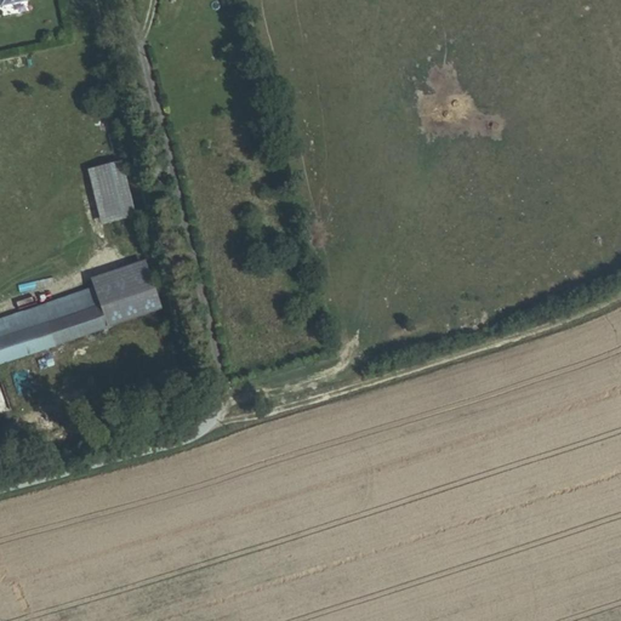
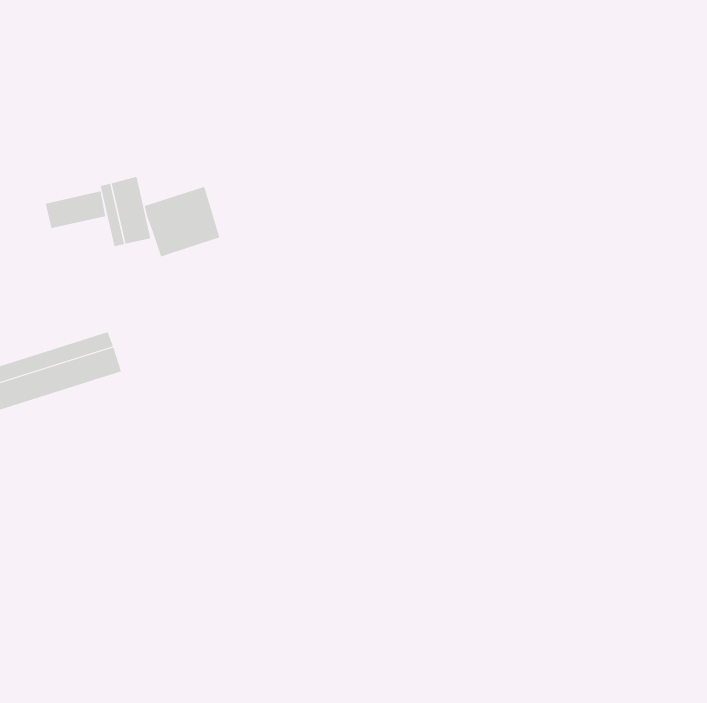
building: none -> [45,191,106,229]
building: [92,263,159,325] -> [144,186,220,257]

